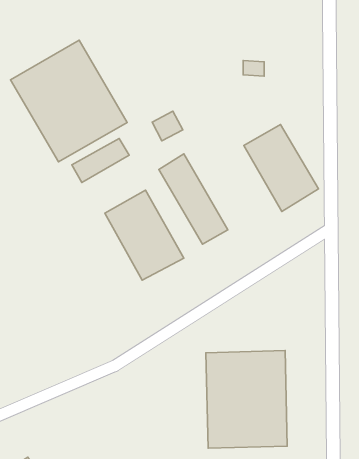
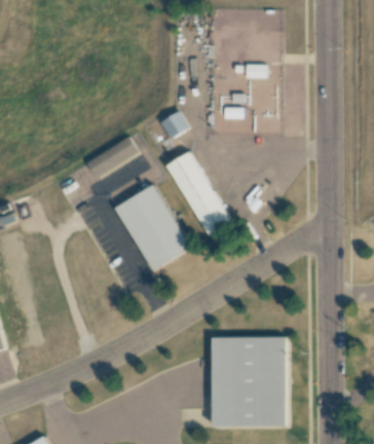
building: [11,40,127,162] -> none
building: [244,124,318,211] -> none

